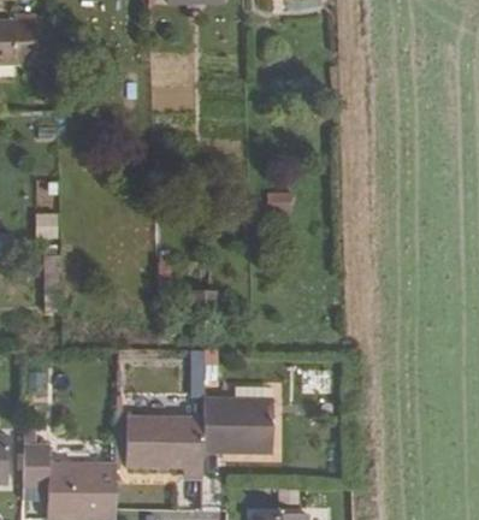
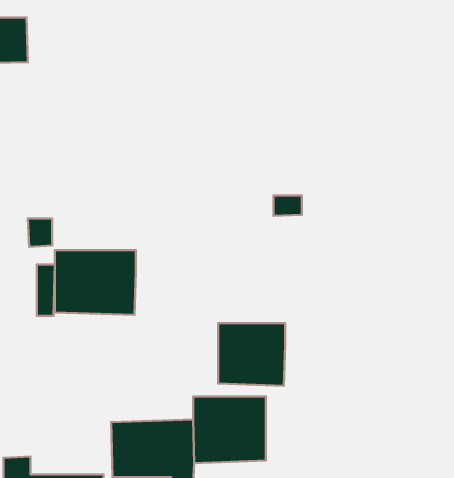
building: none -> [55,250,136,315]
building: none -> [218,323,285,386]

